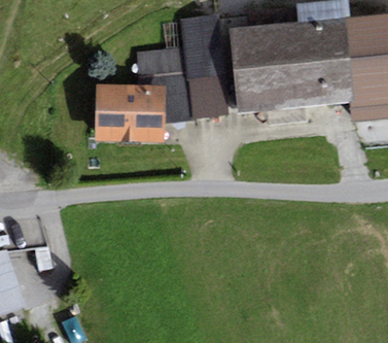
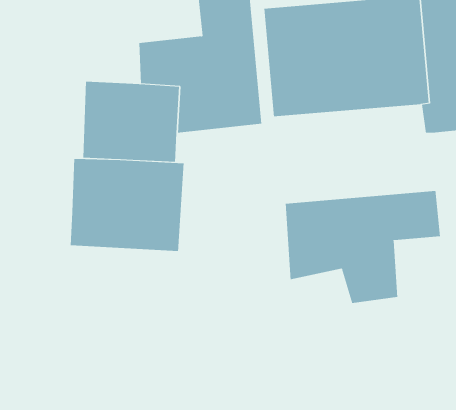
building: none -> [70,158,184,252]
building: none -> [285,190,441,304]

